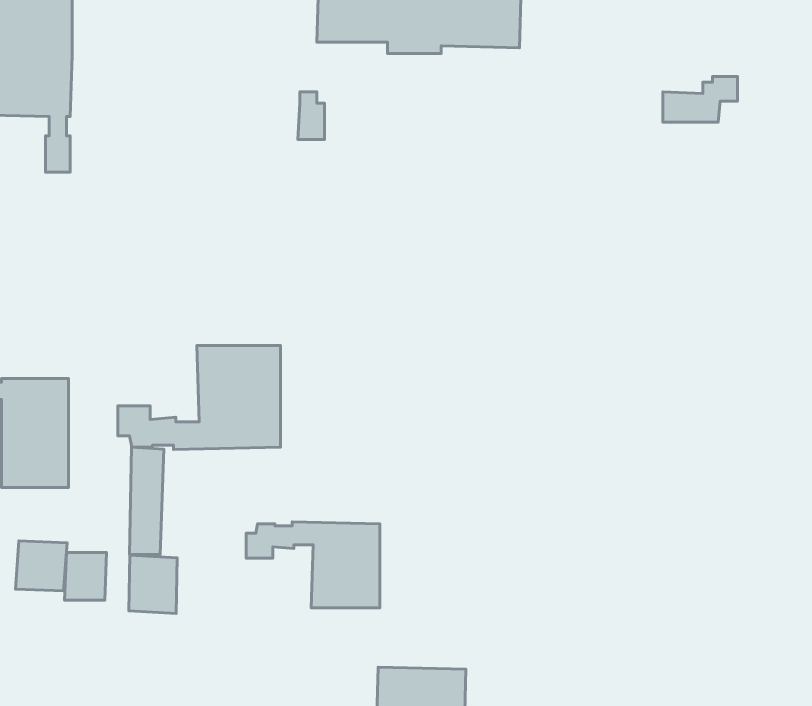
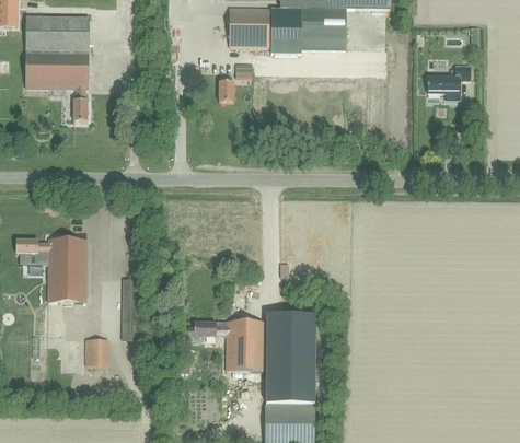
building: [118,346,281,450] -> none
building: none -> [264,315,315,404]
building: [15,541,67,591] -> none
building: [129,555,177,613] -> none

